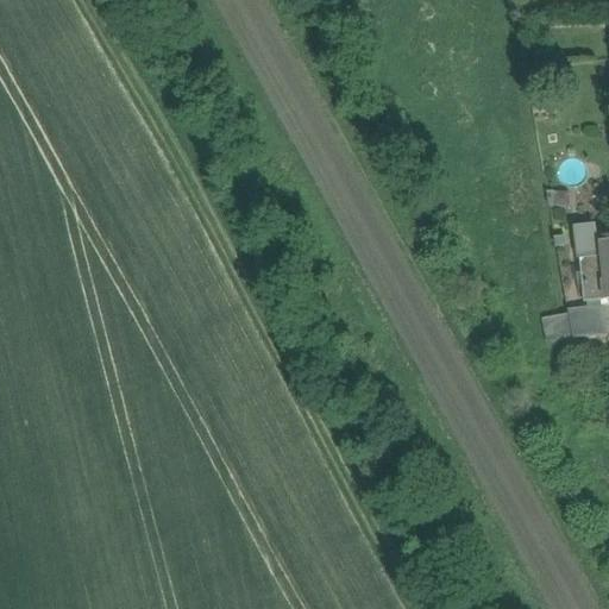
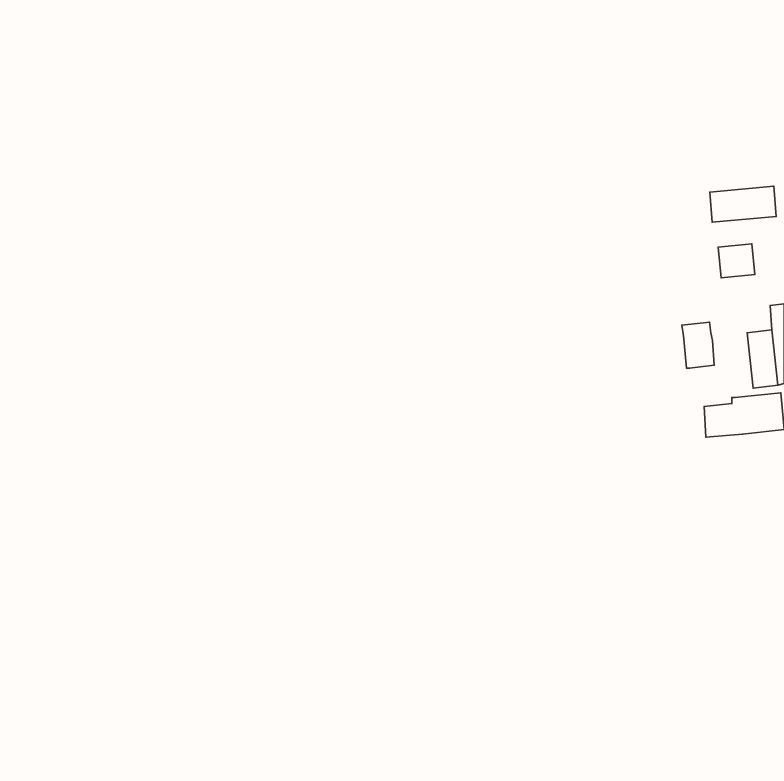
building: none -> [710,186,776,222]
building: [573,222,598,258] -> [682,322,714,368]

